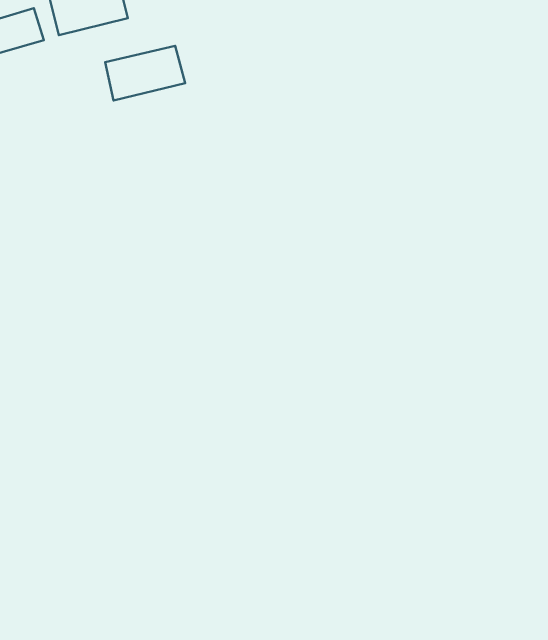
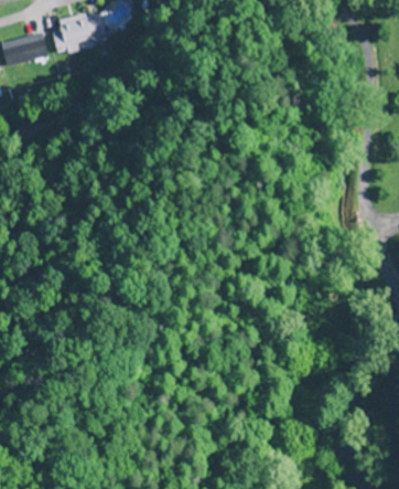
building: [105,46,185,101] -> none

